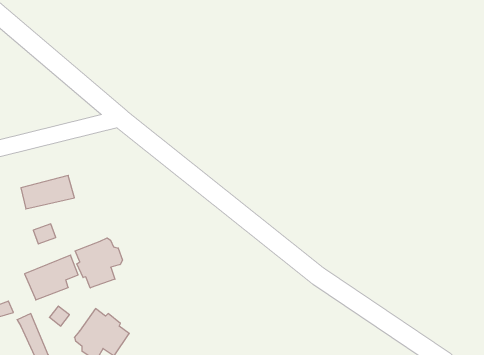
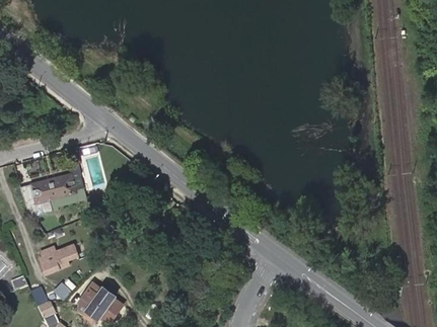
building: [75,238,122,288] -> none

